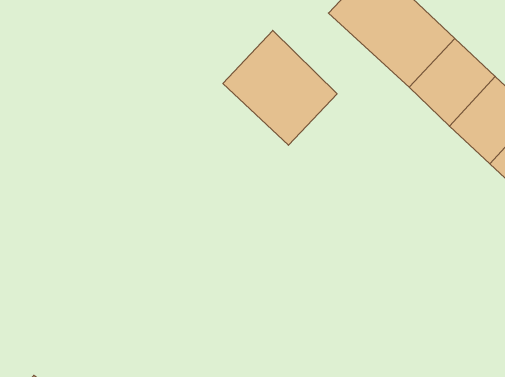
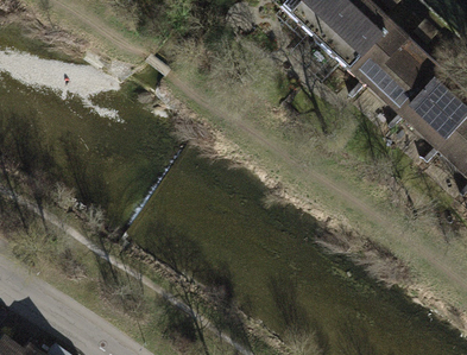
building: [223,30,337,145] -> none

